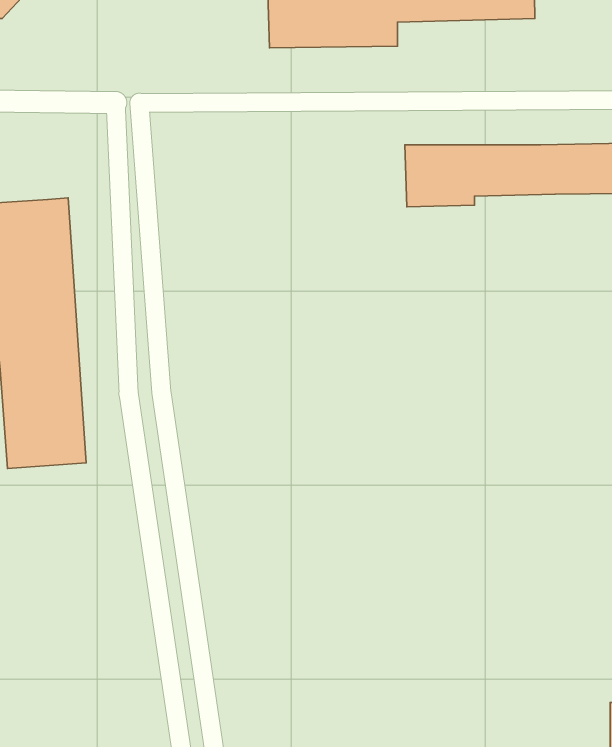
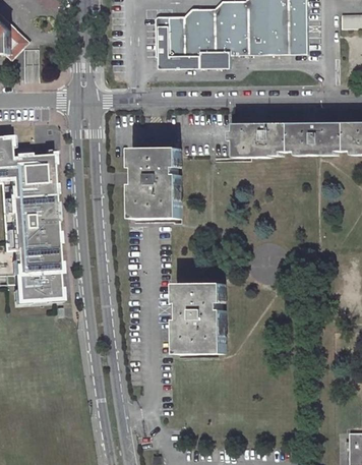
building: none -> [132,148,181,219]
building: none -> [177,283,226,354]

